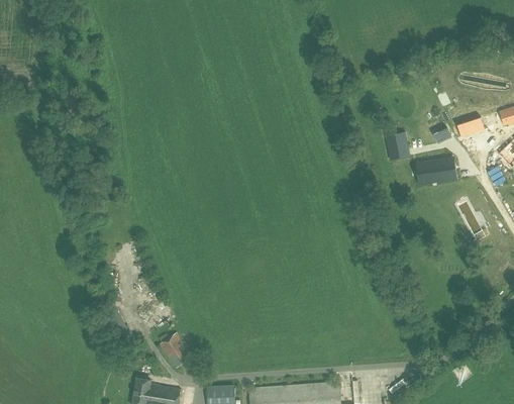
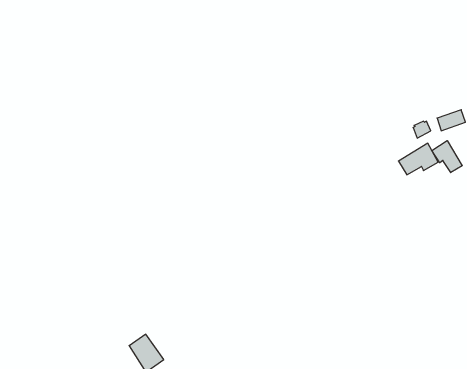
building: [385,132,410,161] -> none
building: none -> [432,141,462,173]

